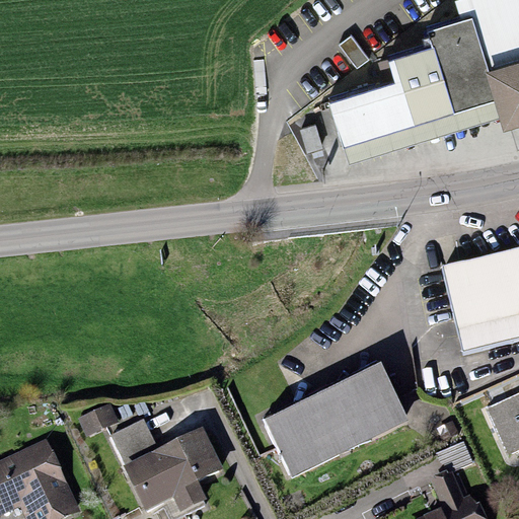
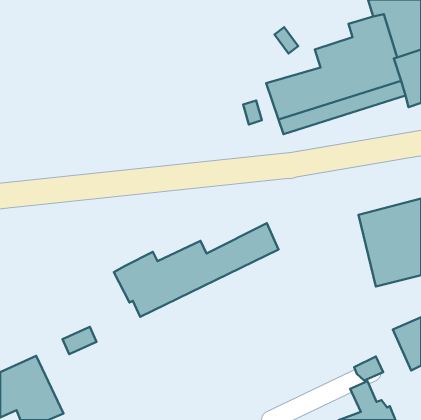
building: none -> [114,223,279,317]
building: [263,362,410,478] -> none
building: [110,418,222,512] -> none

